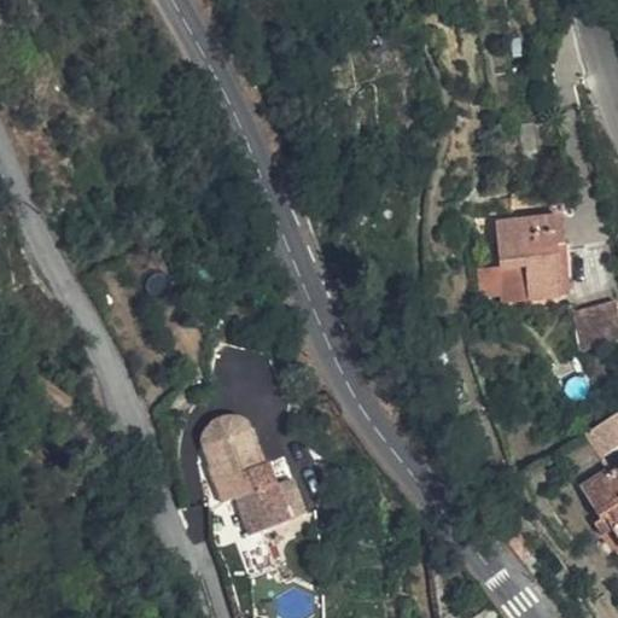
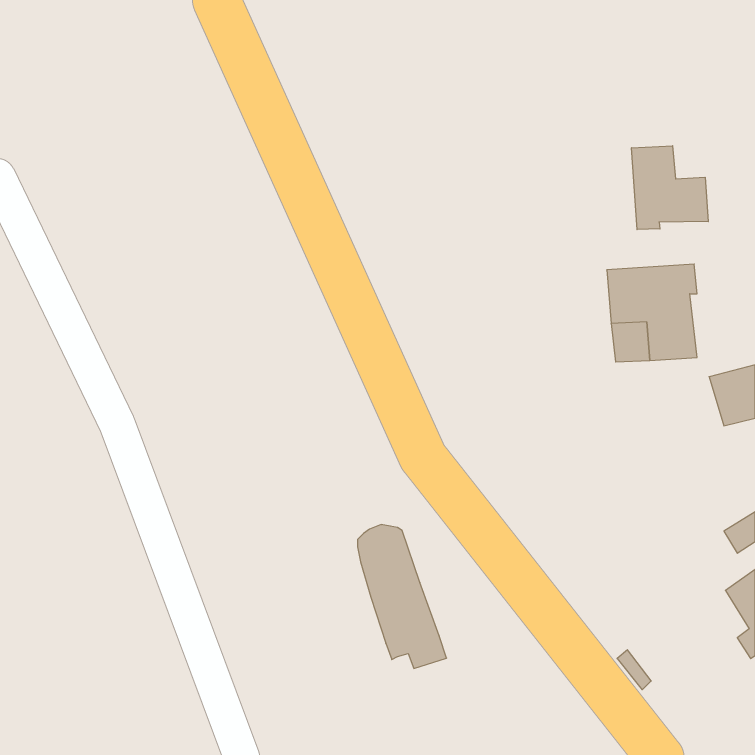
building: none -> [632,146,708,230]
building: [211,414,284,531] -> [358,525,447,668]

